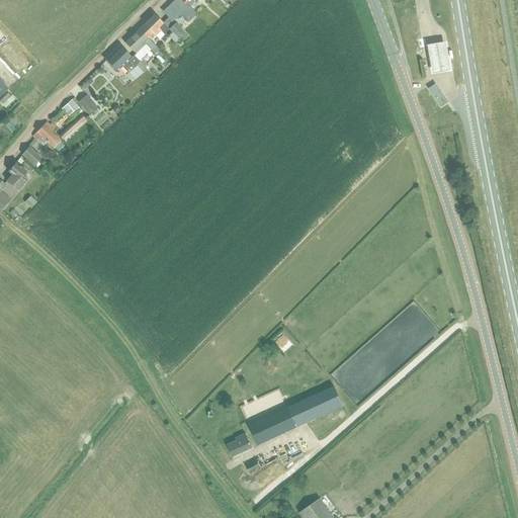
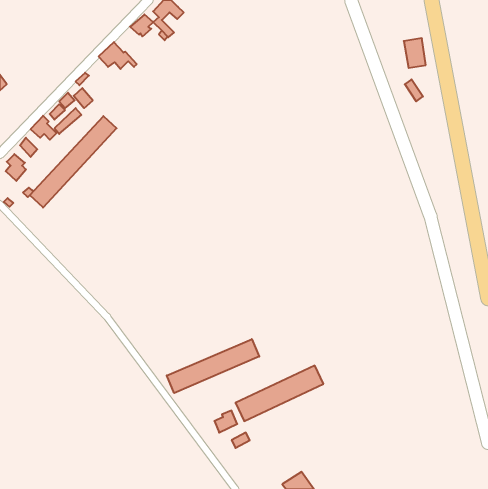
building: [124,28,158,58] -> none
building: none -> [30,116,117,208]
building: none -> [167,339,259,393]

